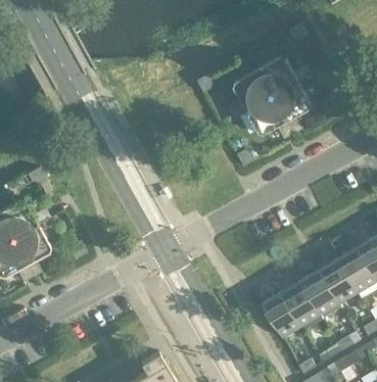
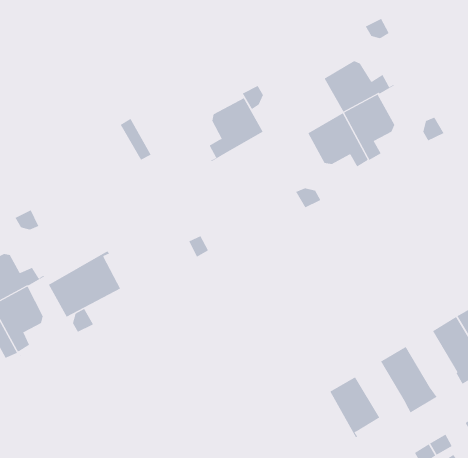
building: [232,70,273,118] -> [209,98,263,162]
building: none -> [48,251,121,318]
building: [320,259,358,301] -> none
building: [282,282,319,324] -> none

